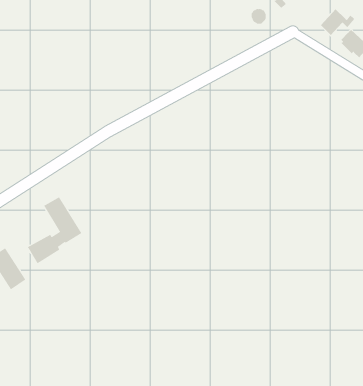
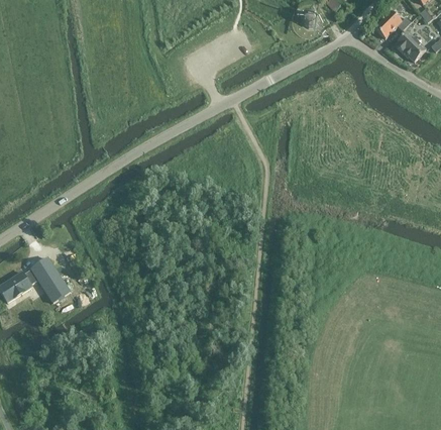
building: [27,197,82,264] -> none

